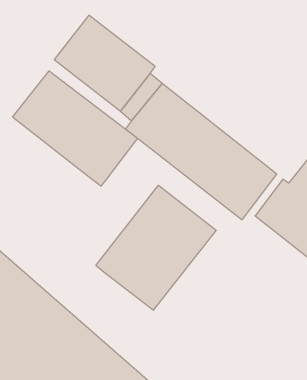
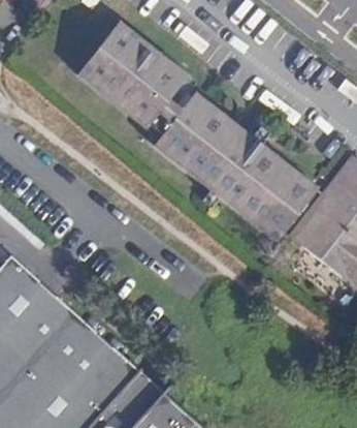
building: [13,71,137,186] -> none
building: [96,185,216,310] -> none

